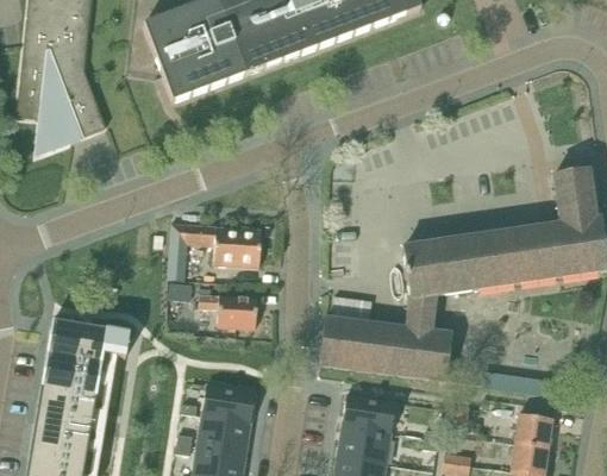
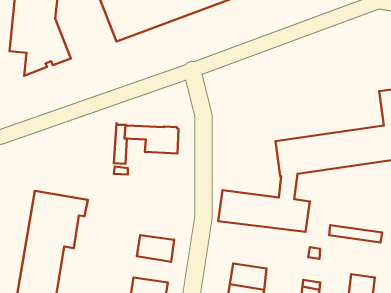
building: [198,294,256,327] -> none
building: [342,394,396,433] -> none
building: [514,413,553,446] -> none
building: [196,415,251,453] -> none

